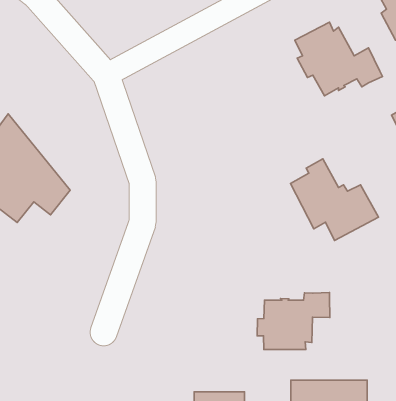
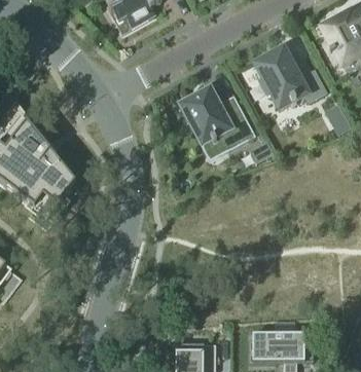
building: [291,159,378,240] -> [182,87,252,152]
building: [257,293,330,349] -> none

